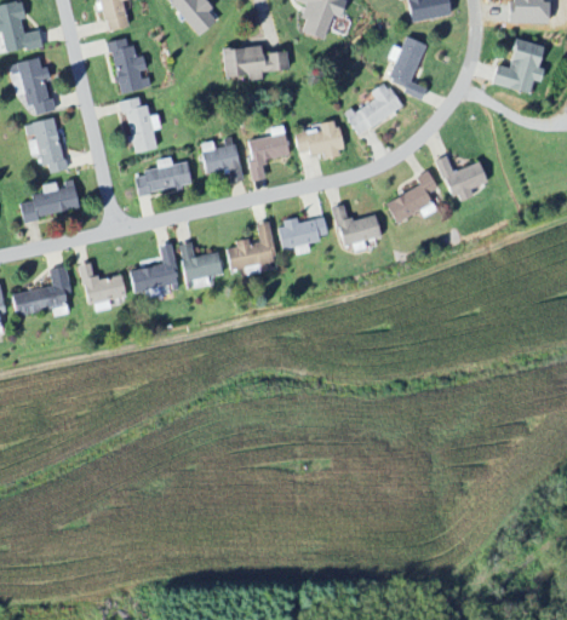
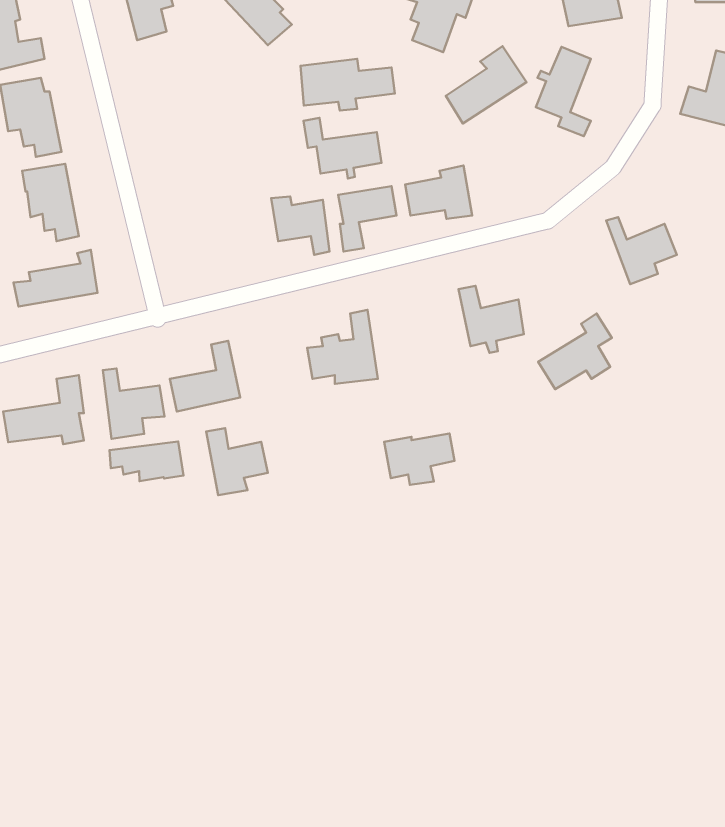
building: [108,39,150,93] -> none
building: [346,81,403,136] -> [446,46,526,123]
building: none -> [304,118,382,179]
building: [119,96,161,153] -> none
building: [133,156,191,195] -> none
building: [385,171,437,224] -> [538,314,612,389]
building: [277,218,327,254] -> [384,433,455,485]
building: [179,242,223,289] -> [206,428,268,495]
building: none -> [109,442,183,481]

